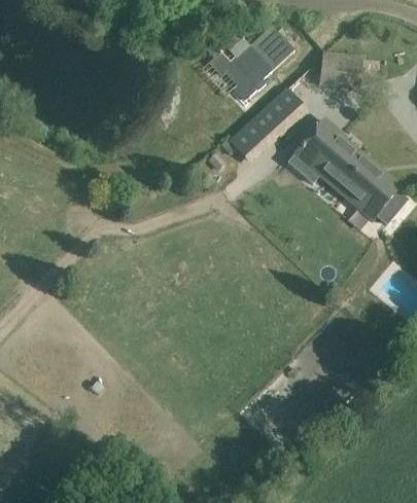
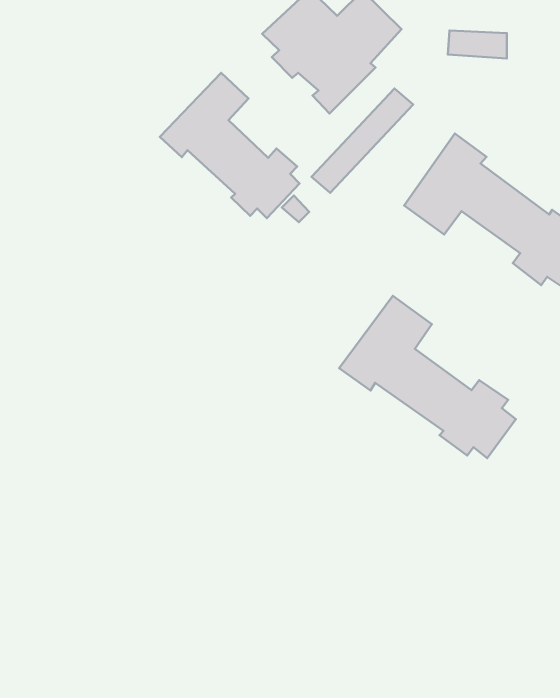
building: none -> [160,73,300,218]
building: none -> [339,296,516,458]

